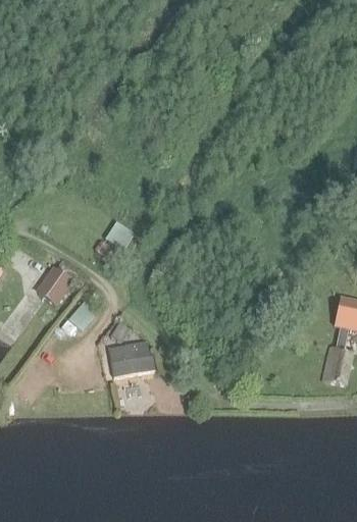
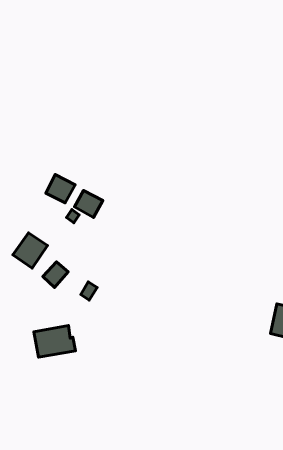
building: none -> [46,174,75,203]
building: [107,343,154,378] -> [34,325,76,357]

